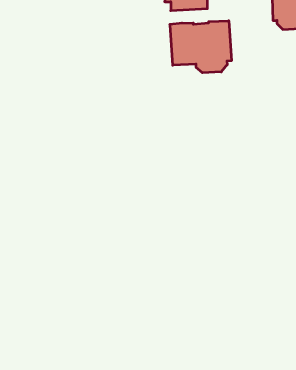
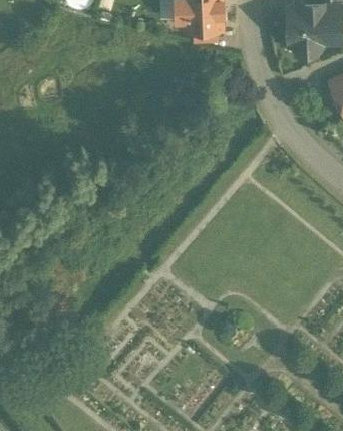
building: [170,21,231,73] -> none

